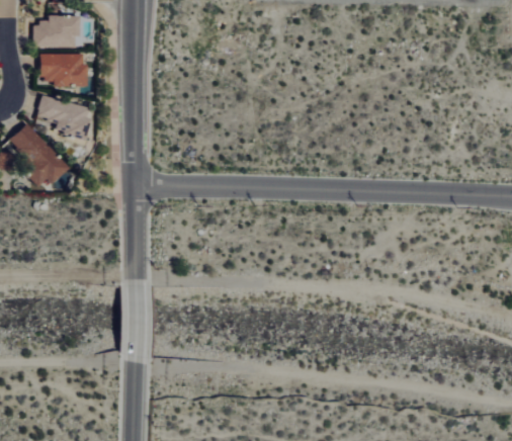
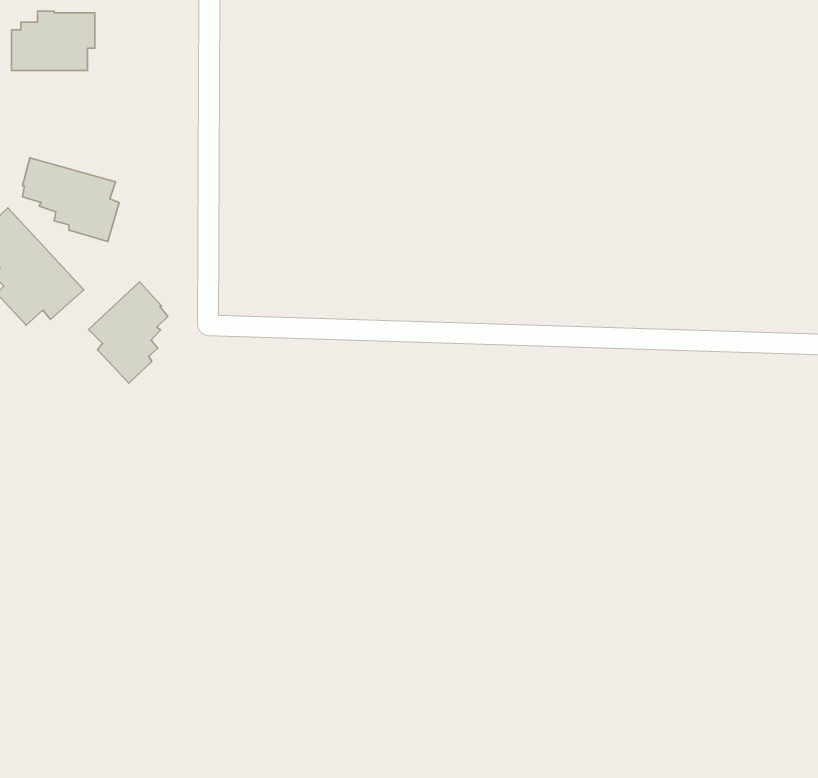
building: [41,54,88,87] -> none
building: none -> [88,282,168,383]

